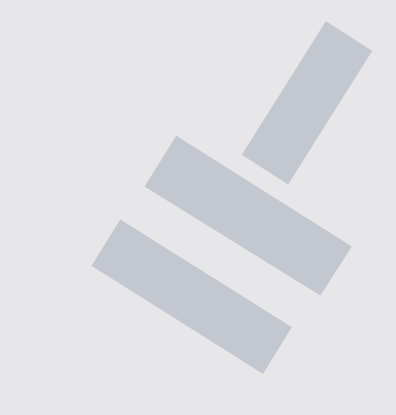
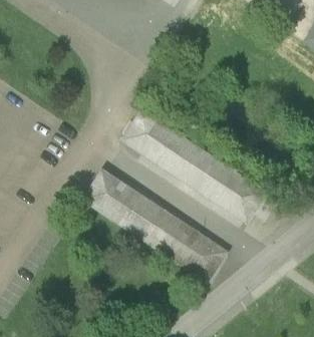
building: [241,20,373,185] -> none

